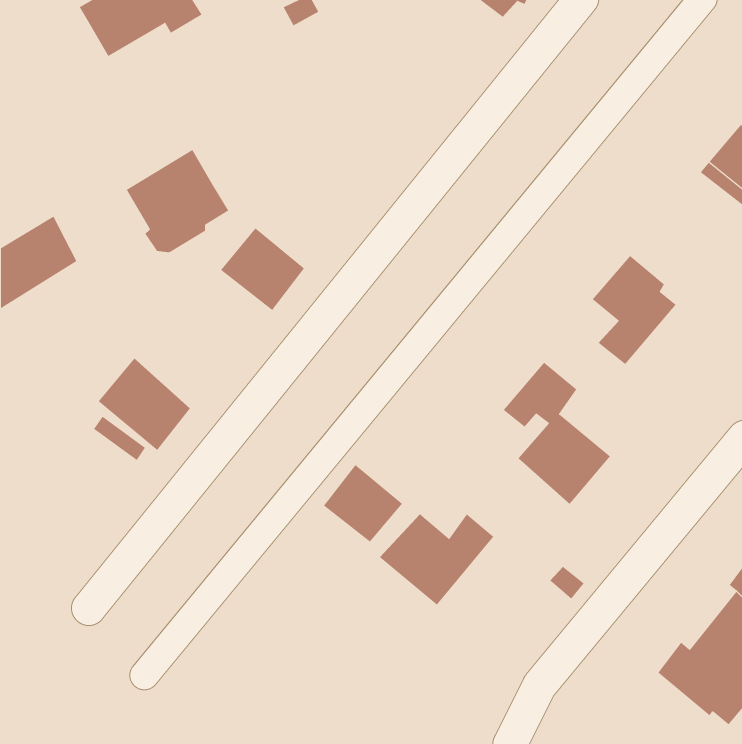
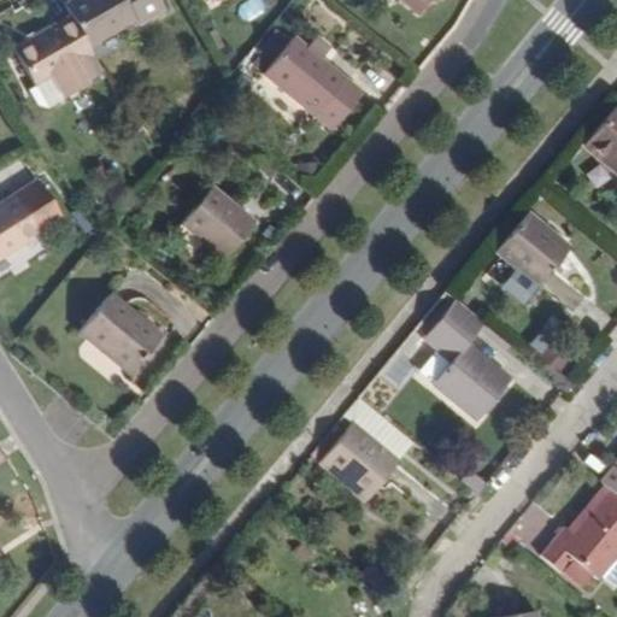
building: none -> [266,34,358,128]
building: [126,149,229,253] -> [19,18,105,104]
building: [323,464,403,542] -> none

